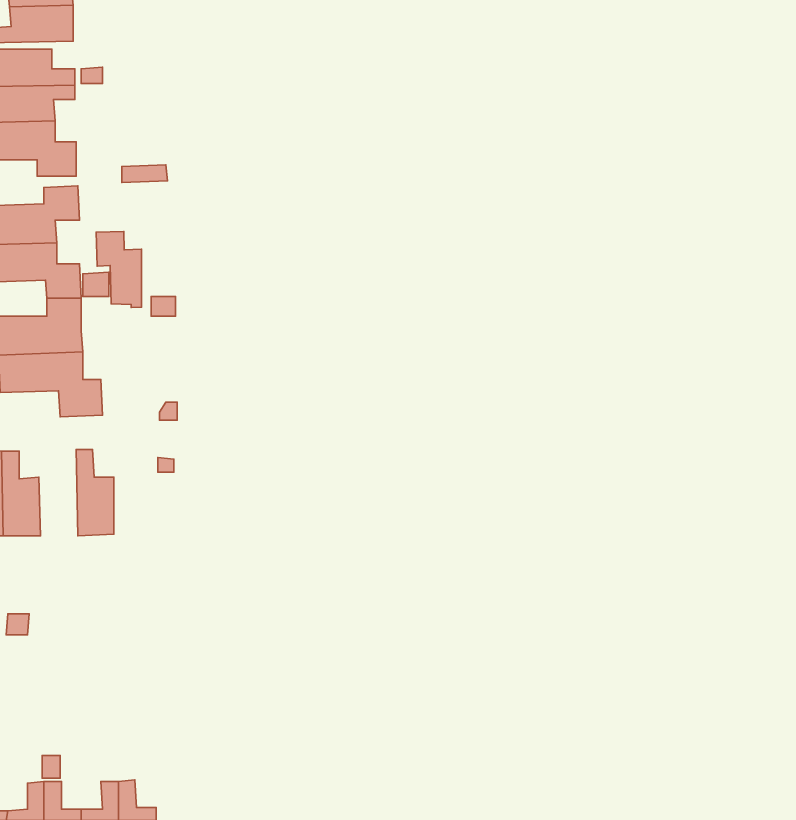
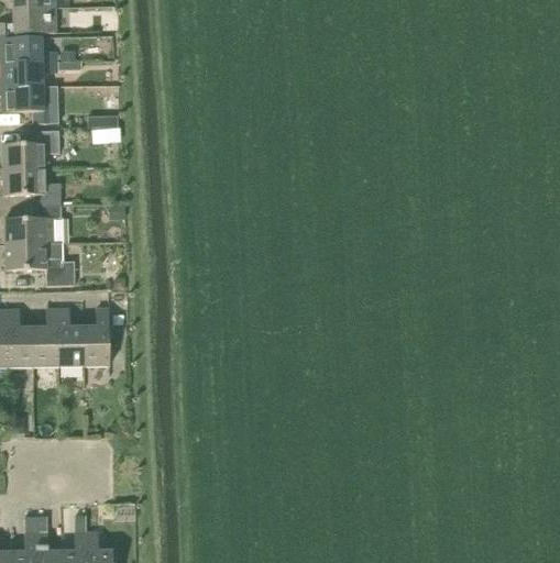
building: [96,231,142,307] -> none
building: none -> [83,307,109,365]
building: none -> [32,308,58,366]

